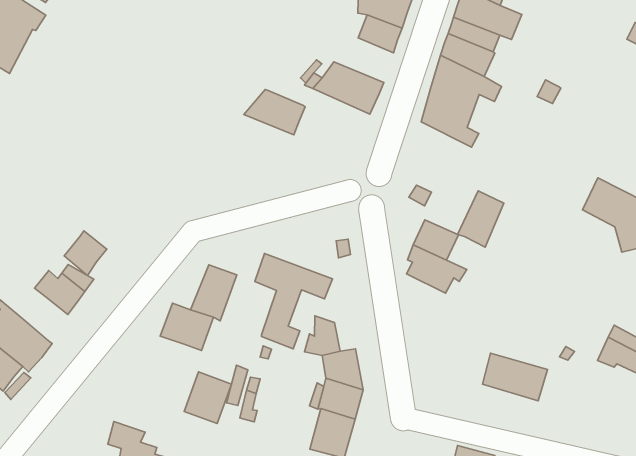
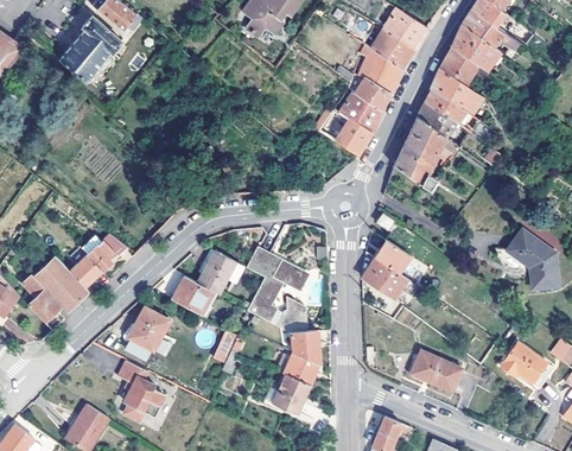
building: [244,89,305,135] -> [335,94,382,132]
building: [457,191,504,247] -> none
building: [64,231,107,276] -> [70,255,103,290]
building: [184,372,231,424] -> [129,307,169,349]

